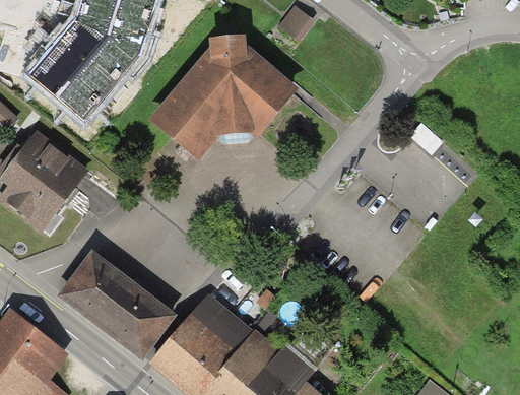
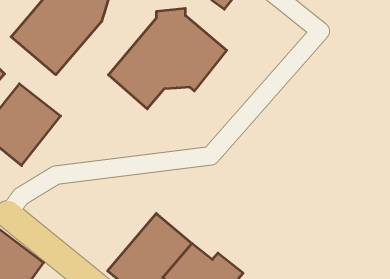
building: [57,250,178,360] -> none

